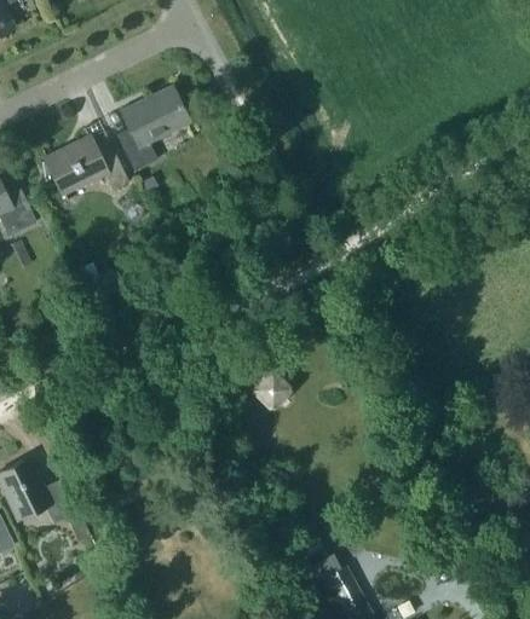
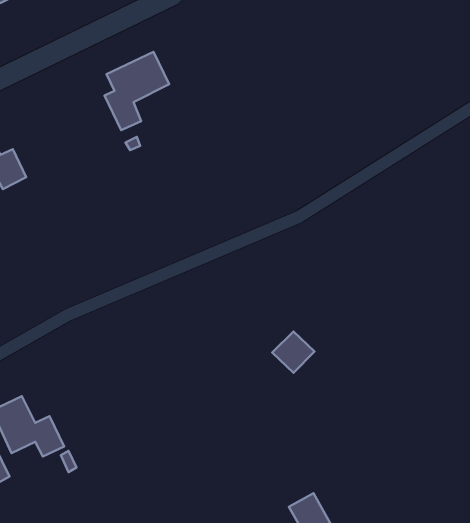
building: [41,129,128,202] -> none
building: [248,368,294,412] -> [272,331,315,373]

